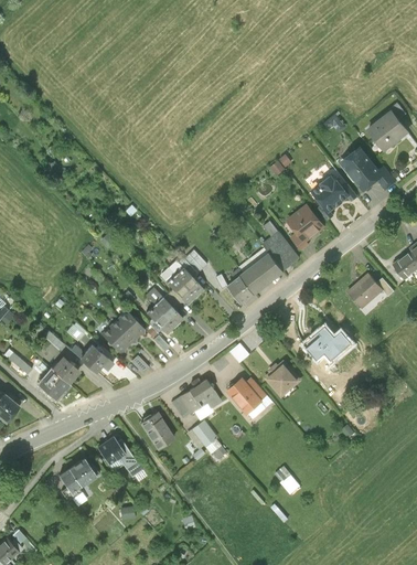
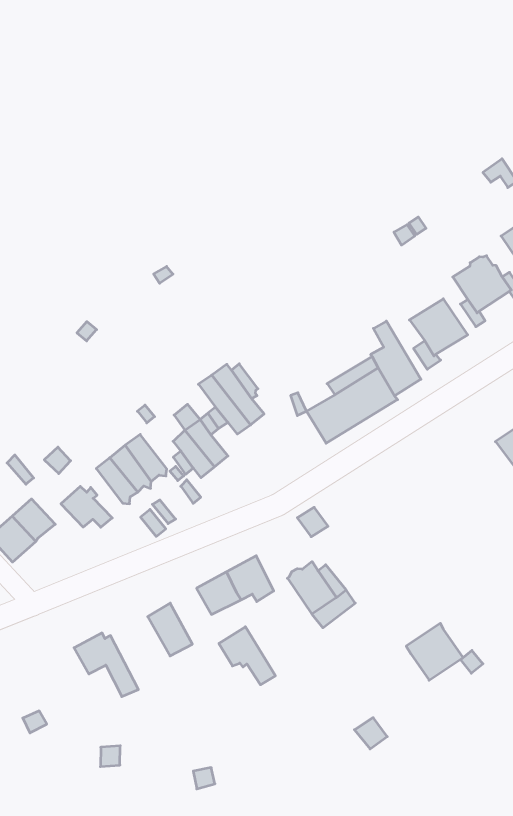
building: [303,326,352,363] -> none
building: [265,361,301,397] -> [406,623,463,680]
building: [60,457,96,491] -> none

